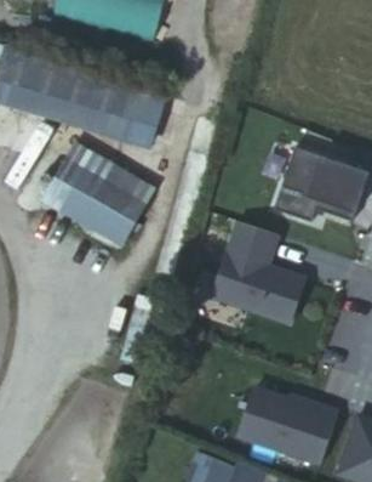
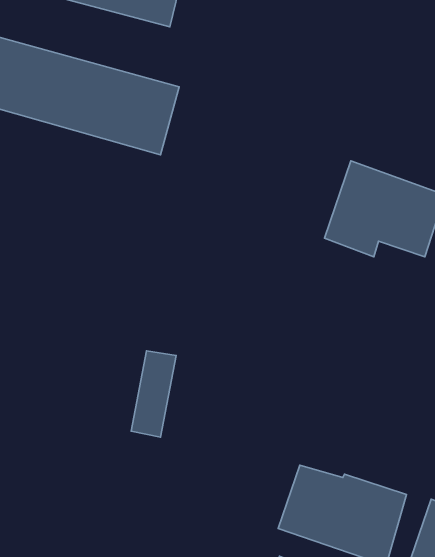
building: [46,142,154,238] -> none
building: [213,223,307,329] -> none

